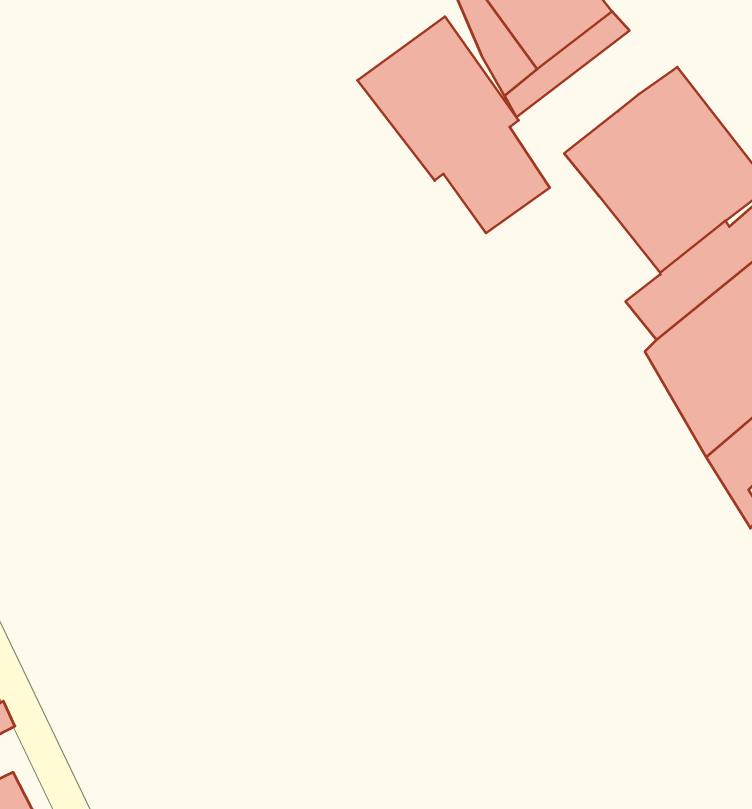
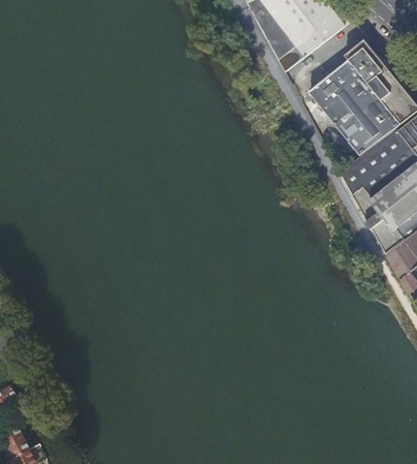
building: [357,17,550,233] -> none

